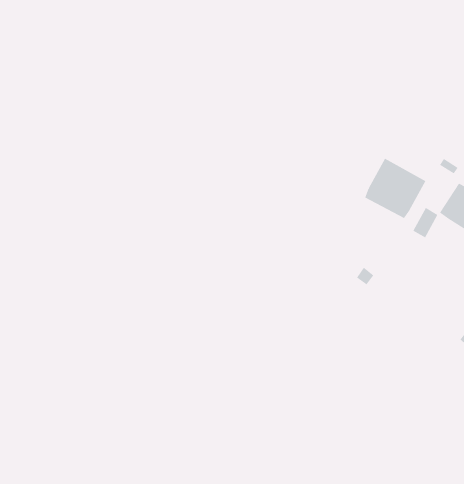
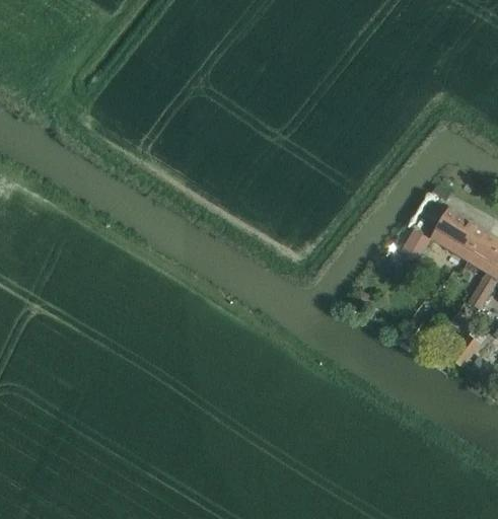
building: [364,158,426,219] -> none

